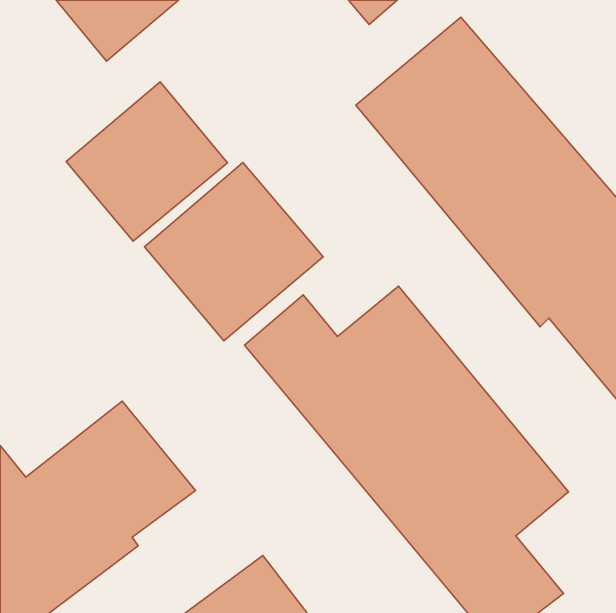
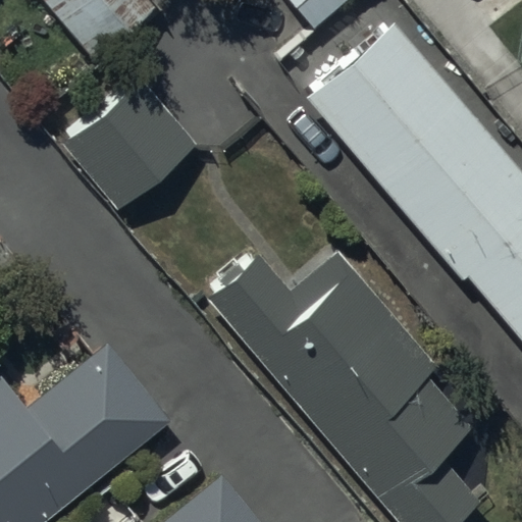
building: [145,162,323,341] -> none

